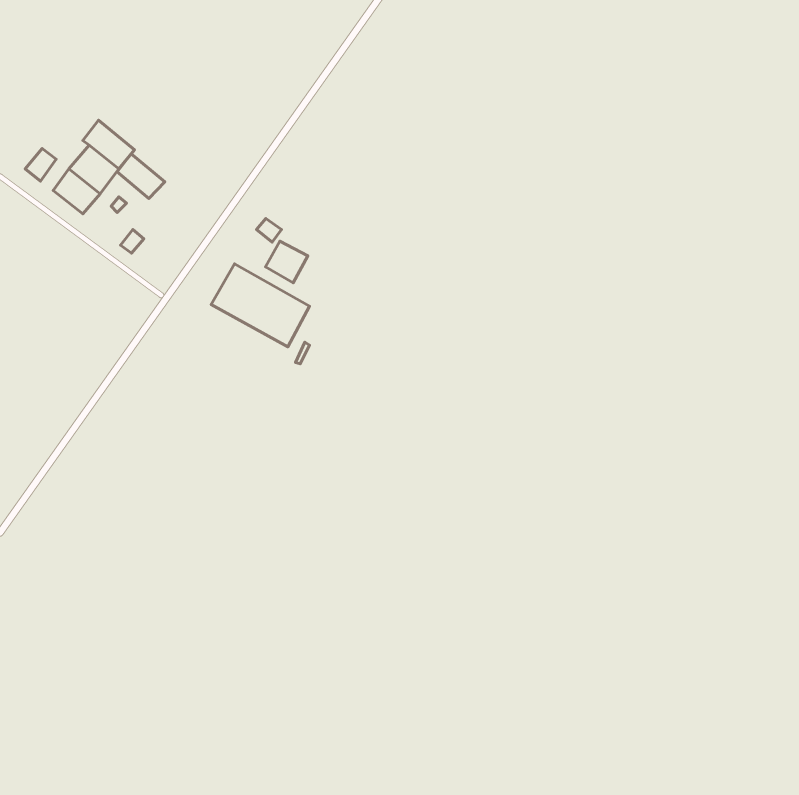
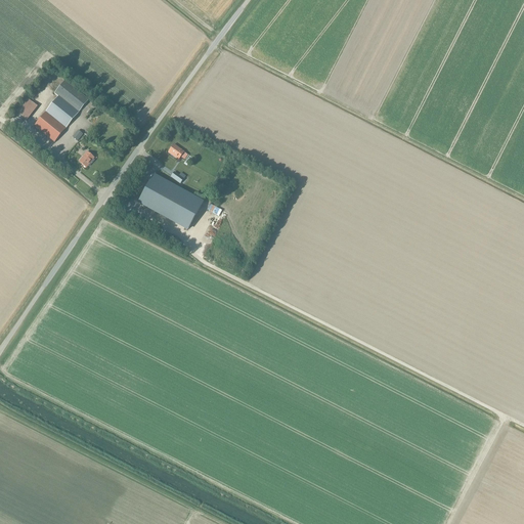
building: [117,154,165,198] -> none
building: [265,241,308,283] -> none

